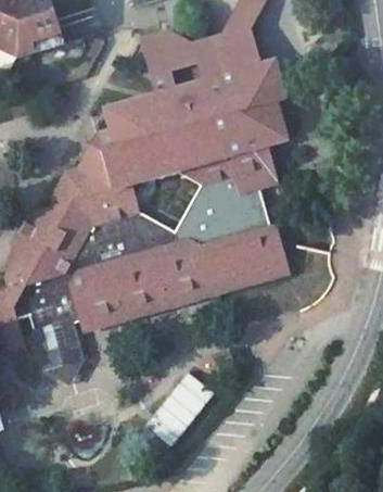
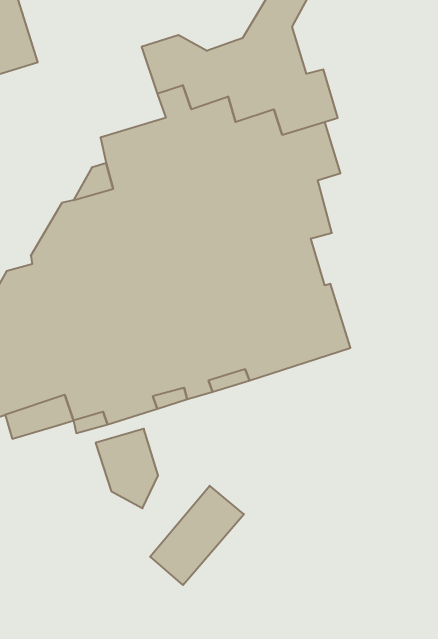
building: [38,326,86,387] -> [96,429,158,508]

